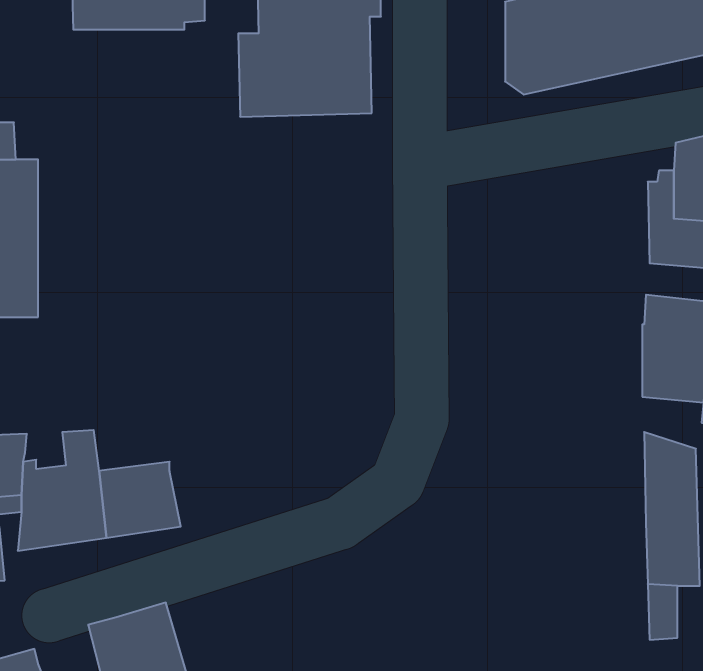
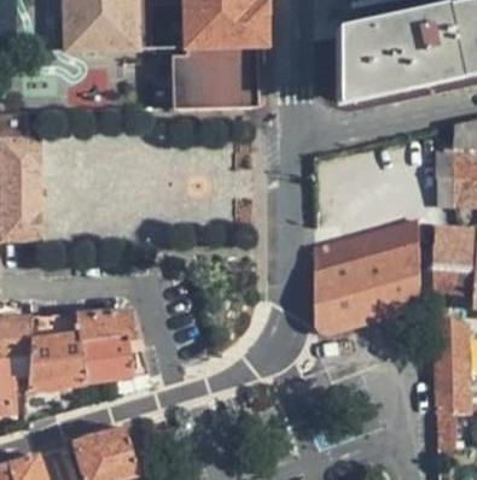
building: none -> [314,219,421,334]
building: none -> [76,309,139,339]

